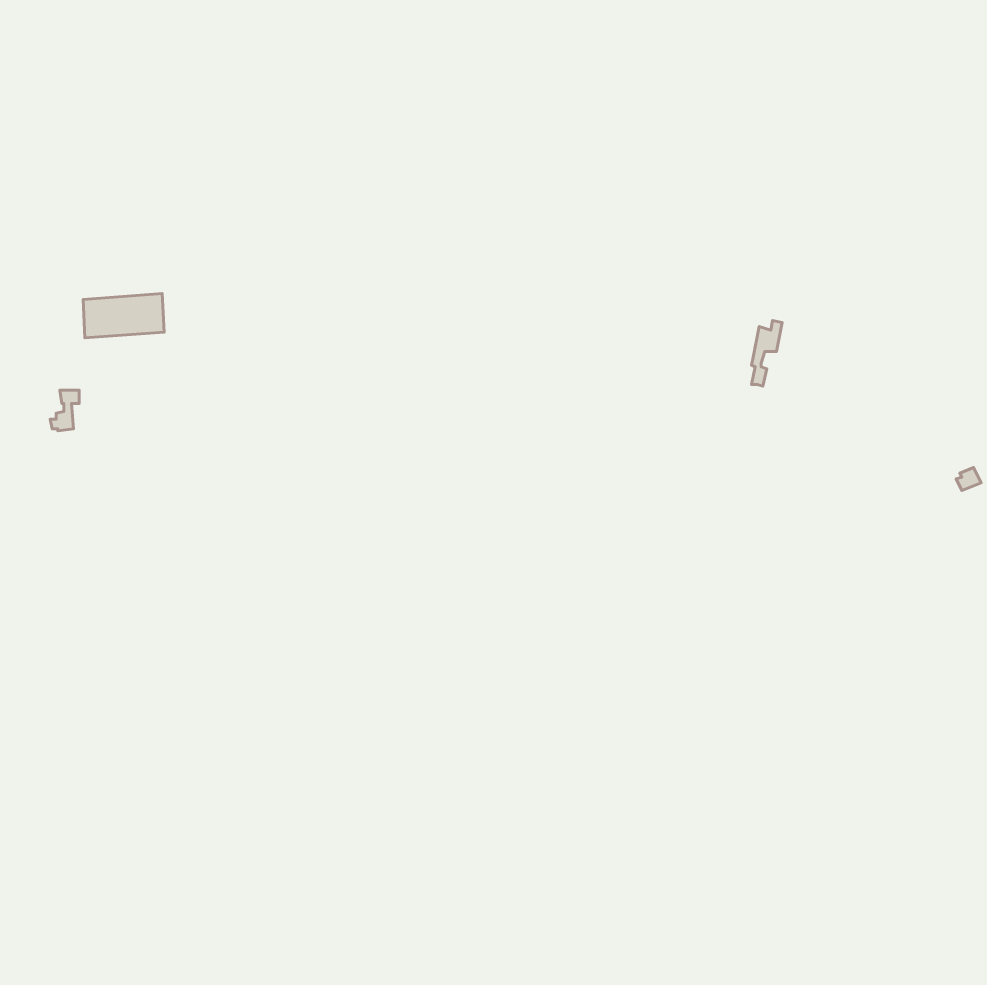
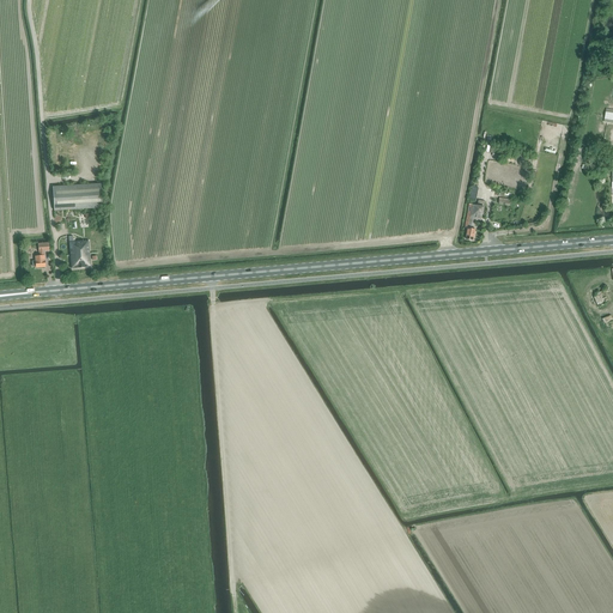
building: none -> [68,237,91,267]

